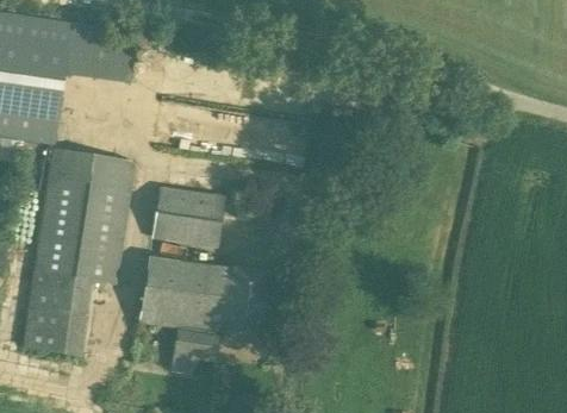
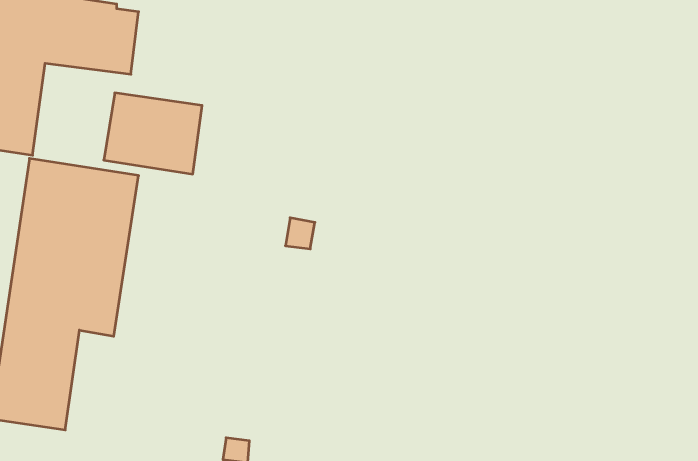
building: [150,187,225,249] -> [104,93,202,174]
building: [141,259,267,358] -> none

